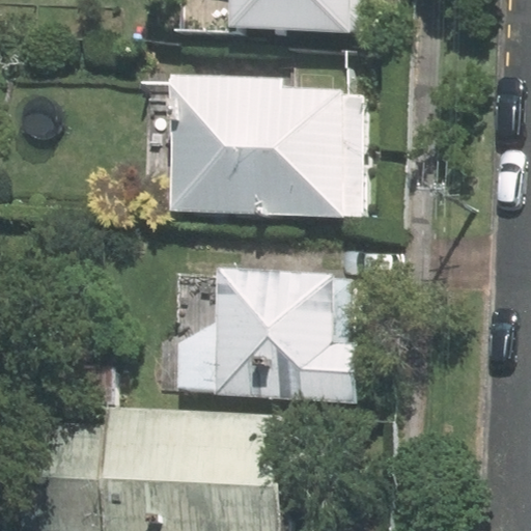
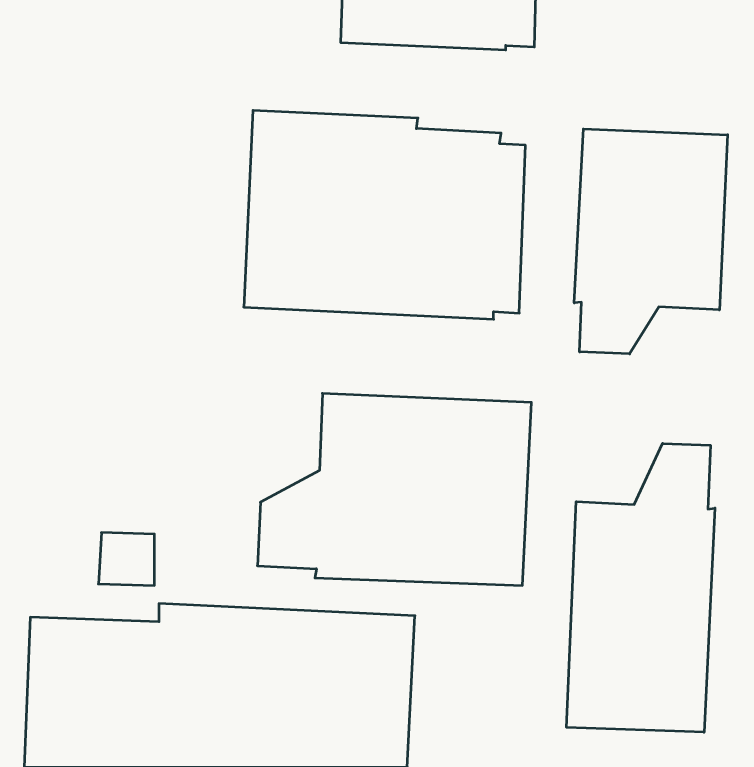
building: none -> [574,129,728,354]
building: none -> [567,443,715,732]

